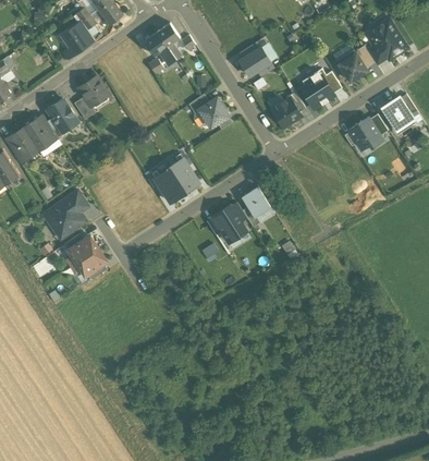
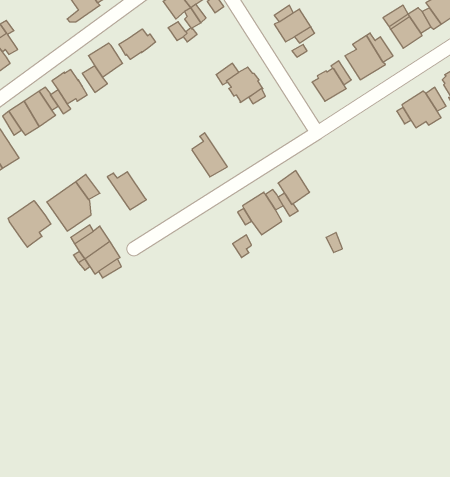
building: none -> [119,29,156,59]
building: [150,169,184,202] -> [107,172,146,210]
building: none -> [8,201,51,247]

